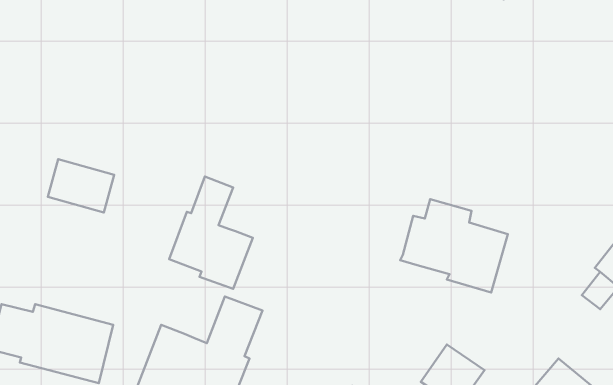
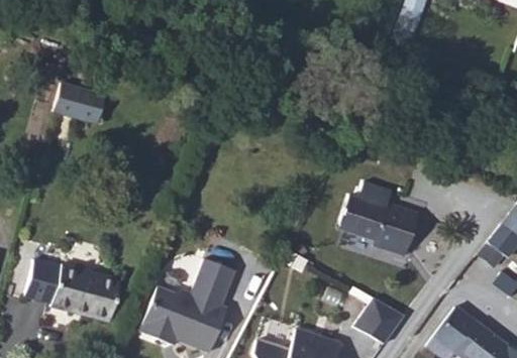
building: [48,159,114,212] -> [53,76,104,117]
building: [169,176,253,289] -> none

